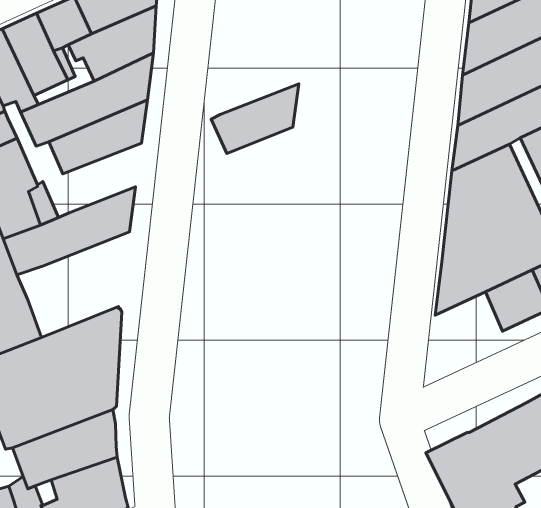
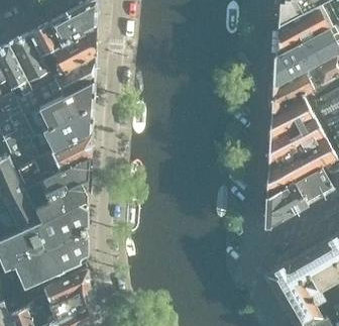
building: [211,84,299,153] -> [42,106,92,148]
building: none -> [31,157,88,221]
building: none -> [265,181,308,225]

